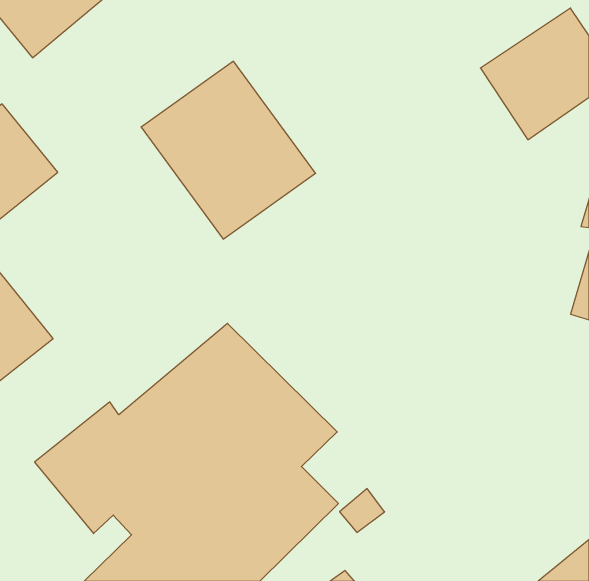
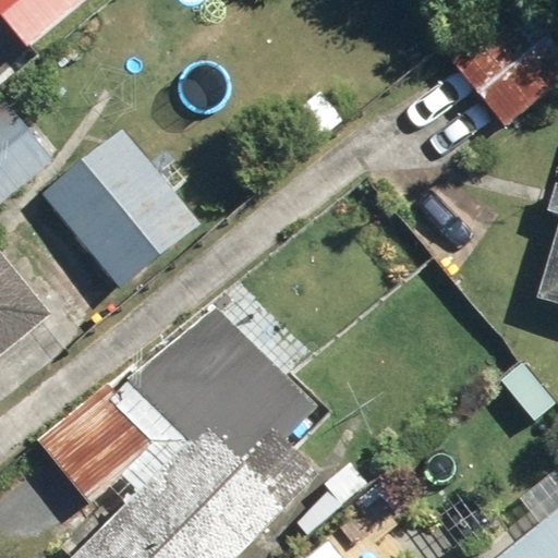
building: [141,61,316,239] -> [40,125,205,293]

